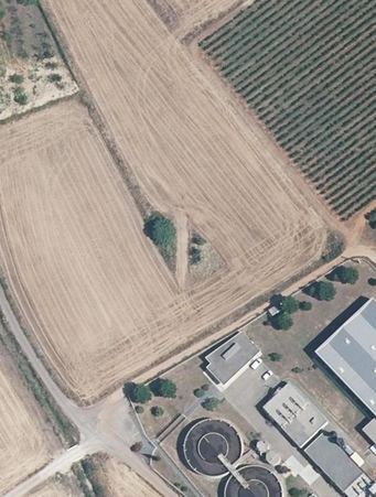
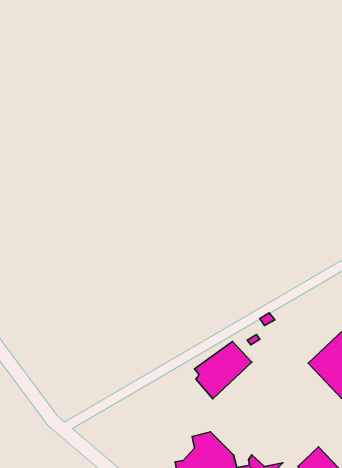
building: [261,381,325,446] -> none

